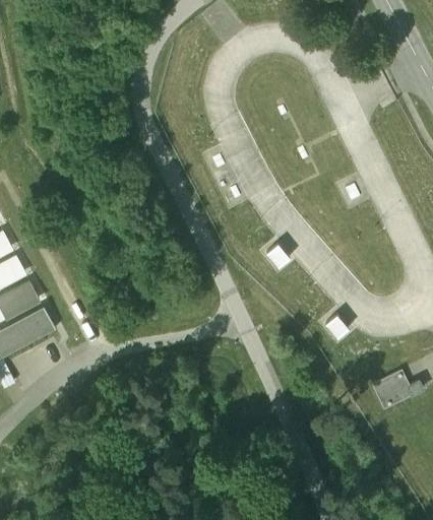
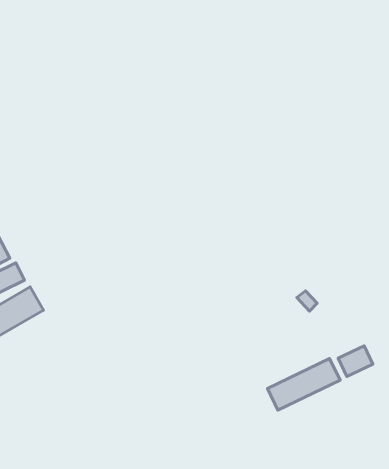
building: none -> [268,358,340,410]

